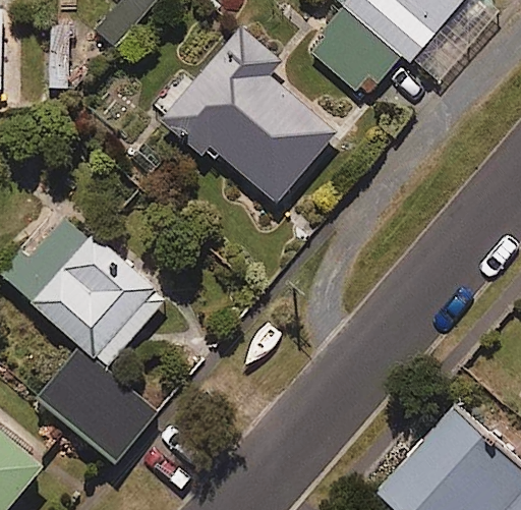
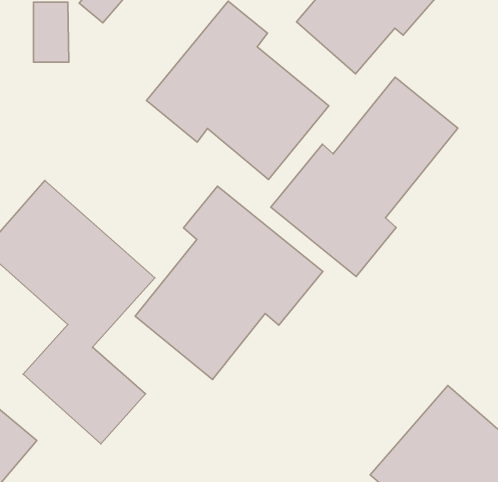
building: none -> [271,77,458,276]
building: none -> [135,186,323,379]

